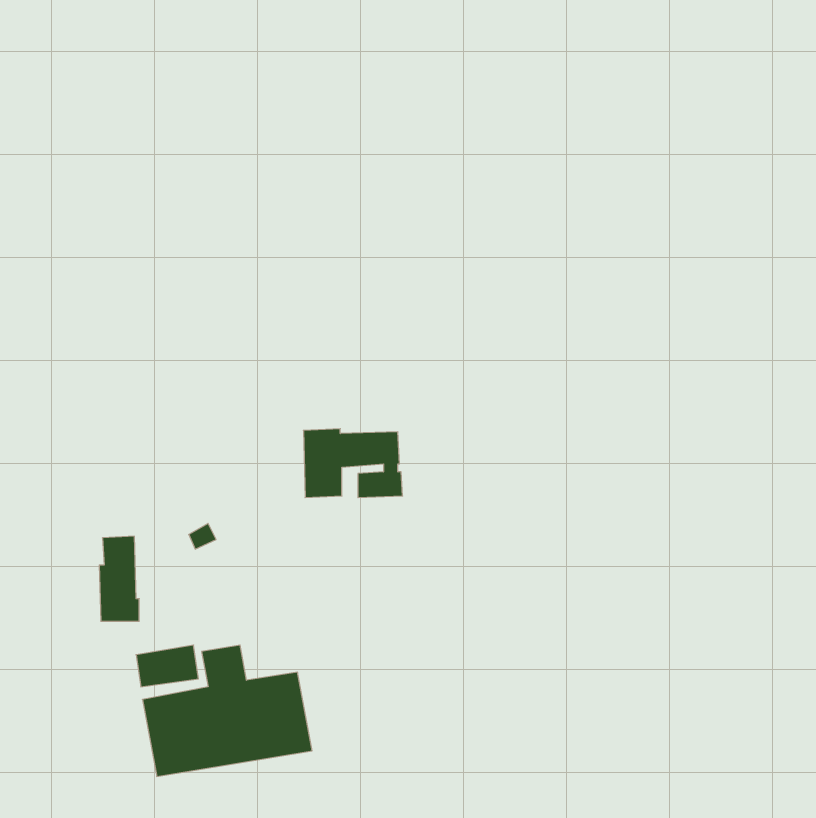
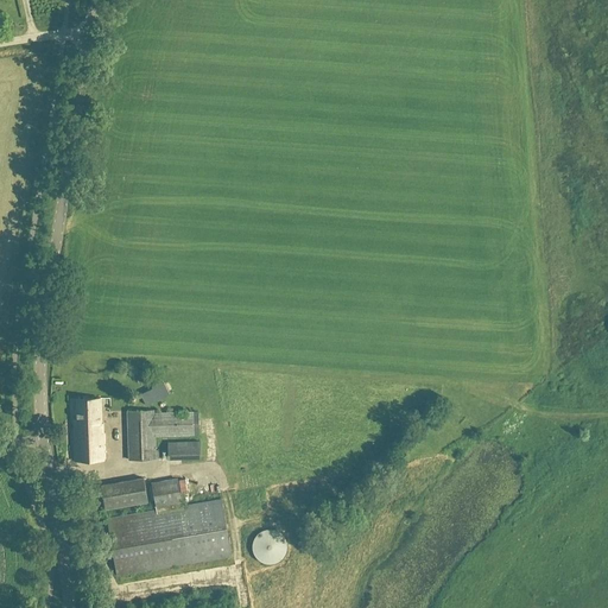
building: [303,429,403,498] -> [127,410,201,461]
building: none -> [252,530,286,564]

